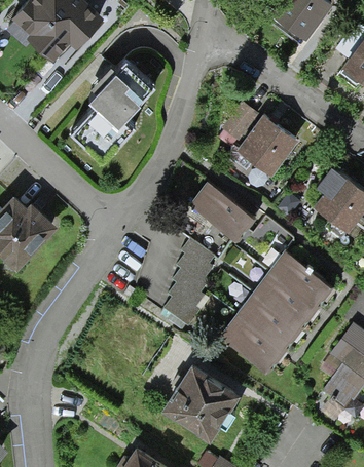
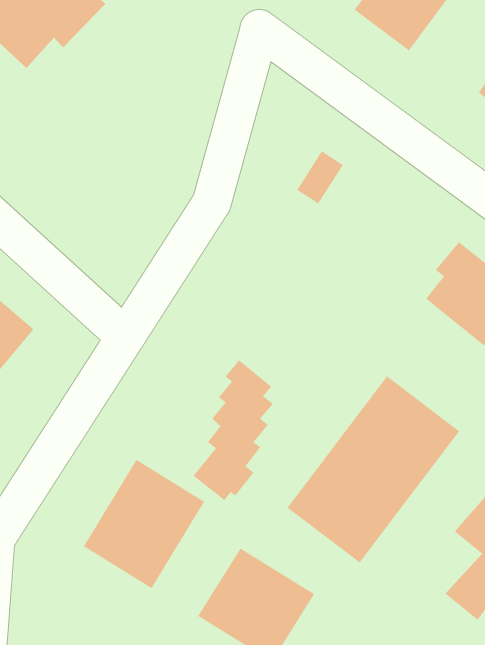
building: [73,62,154,163] -> none
building: [239,127,295,185] -> none
building: [187,182,256,243] -> none
building: none -> [83,459,205,589]

